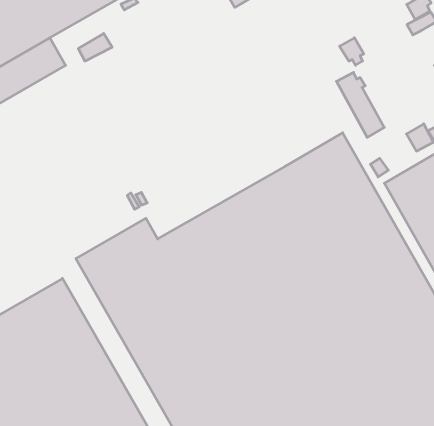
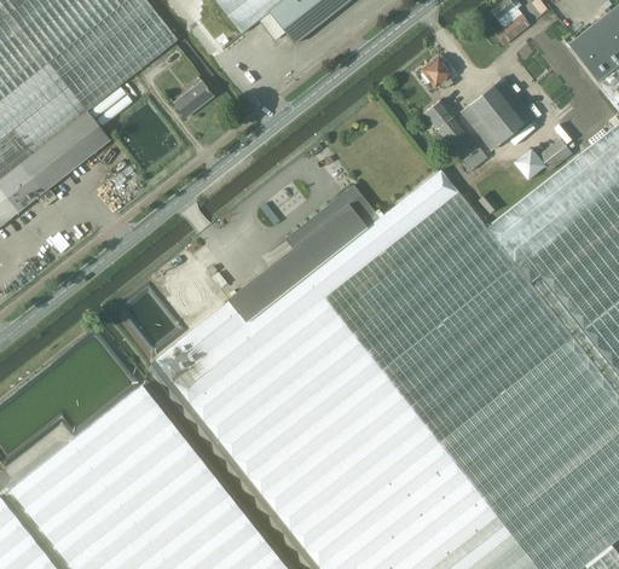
building: [78,33,112,61] -> [174,81,213,116]
building: none -> [459,77,533,150]
building: none -> [227,185,380,324]

